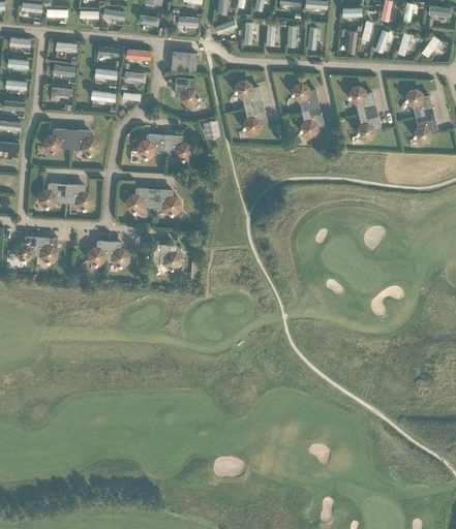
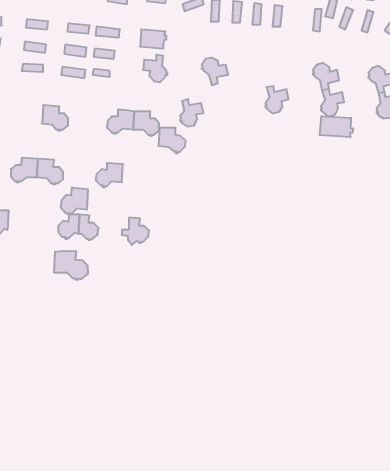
building: [291,84,317,111] -> none
building: [242,106,266,134] -> [180,99,203,126]
building: [43,128,71,153] -> none
building: none -> [320,116,353,137]
building: [152,189,180,215] -> [158,128,186,153]
building: none -> [61,187,88,215]
building: [35,237,57,262] -> none
building: none -> [54,251,88,280]

